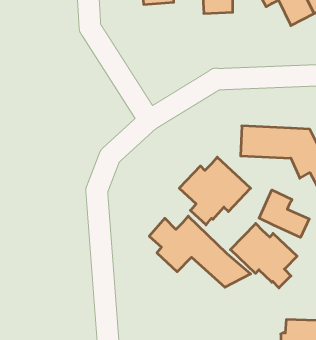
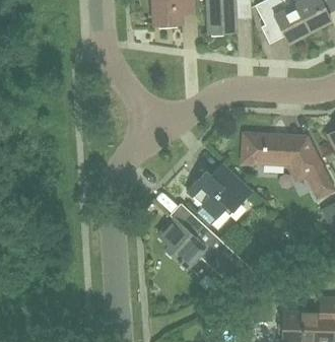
building: [259,190,309,237] -> none
building: [230,223,297,288] -> none

